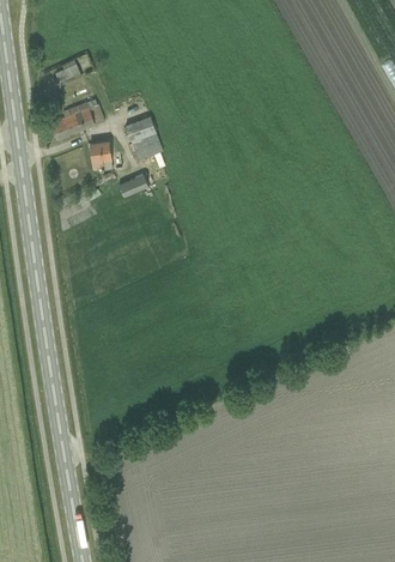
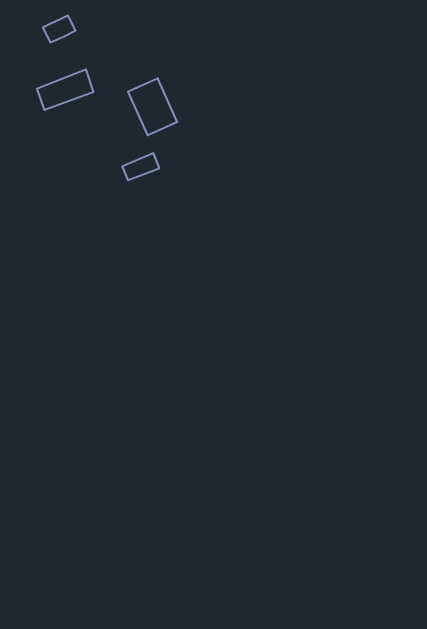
building: [90,139,113,169] -> none

